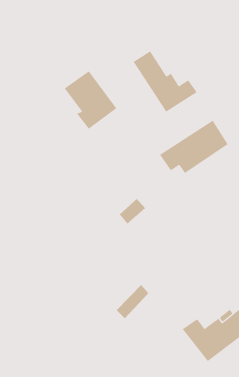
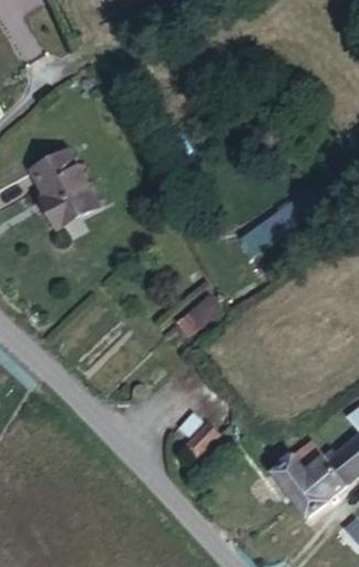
building: [133,51,198,113] -> none
building: [64,71,117,129] -> [39,148,111,228]

